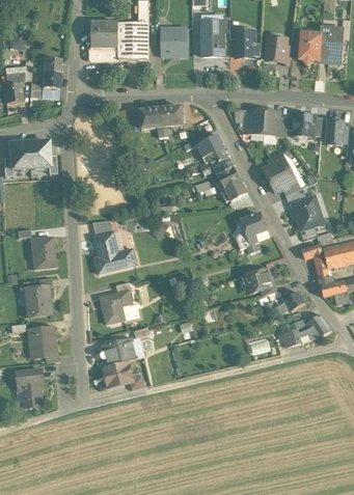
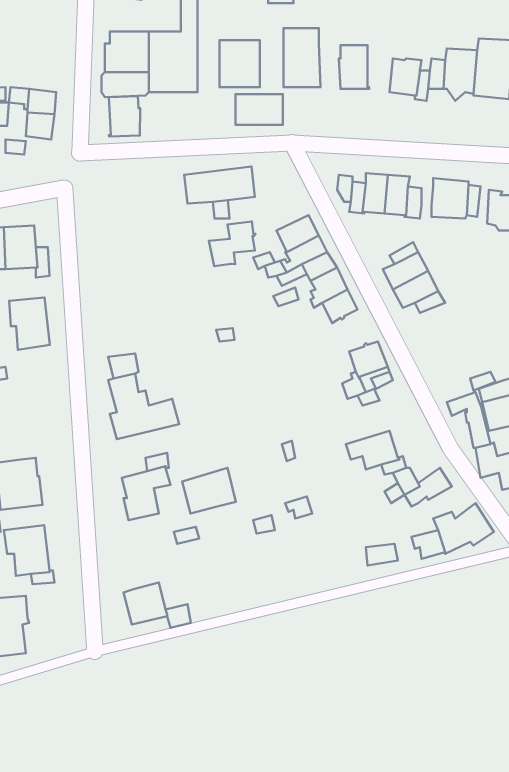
building: none -> [236,94,283,125]
building: none -> [109,96,140,137]
building: none -> [209,222,255,266]
building: [292,195,324,229] -> none
building: [31,237,56,269] -> [9,298,50,350]
building: [104,337,137,365] -> [182,468,236,513]

